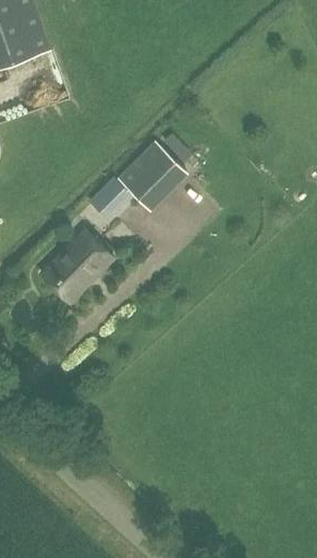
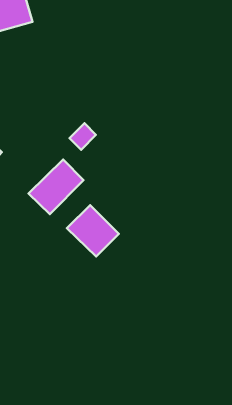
building: [119,141,187,209] -> none
building: none -> [67,205,119,257]

